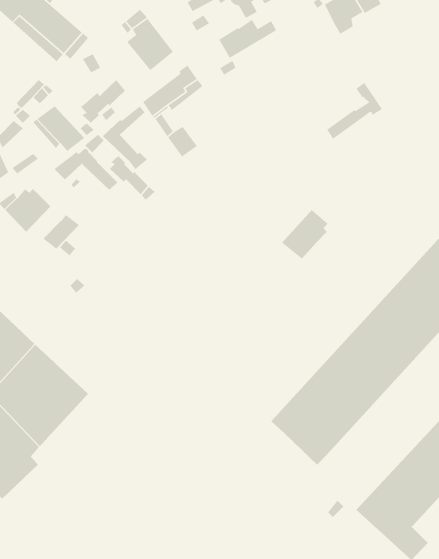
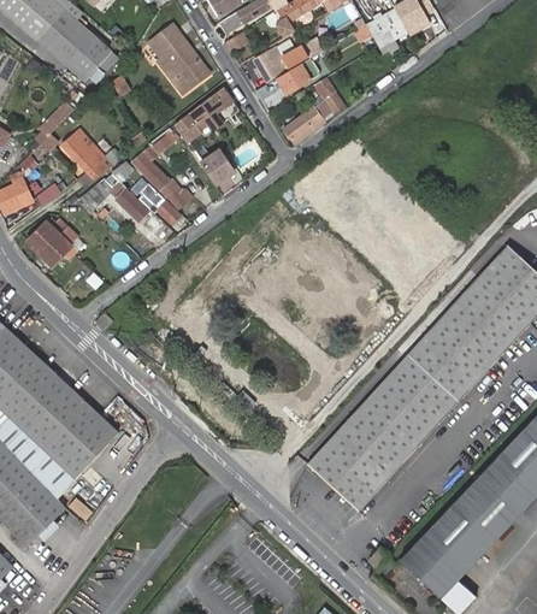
building: none -> [277,57,320,91]
building: [80,79,126,123] -> none
building: [326,82,383,140] -> [284,77,344,138]
building: [281,209,328,259] -> none
building: [43,214,80,249] -> none

